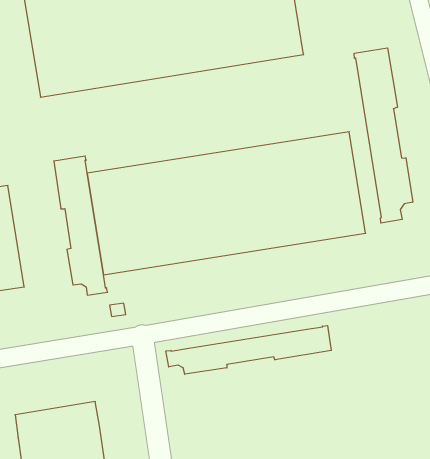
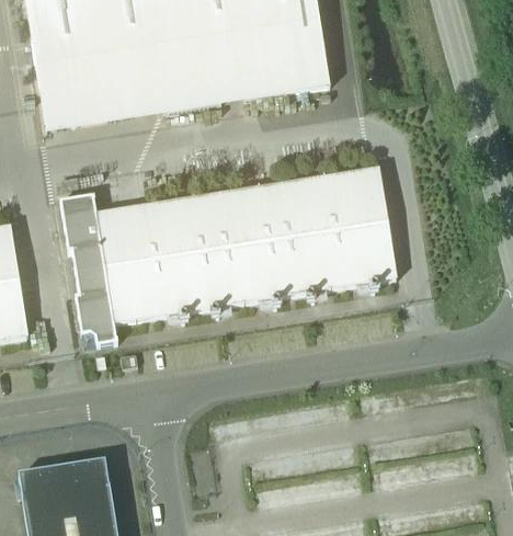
building: [354,48,413,223] -> none
building: [166,326,331,374] -> none

